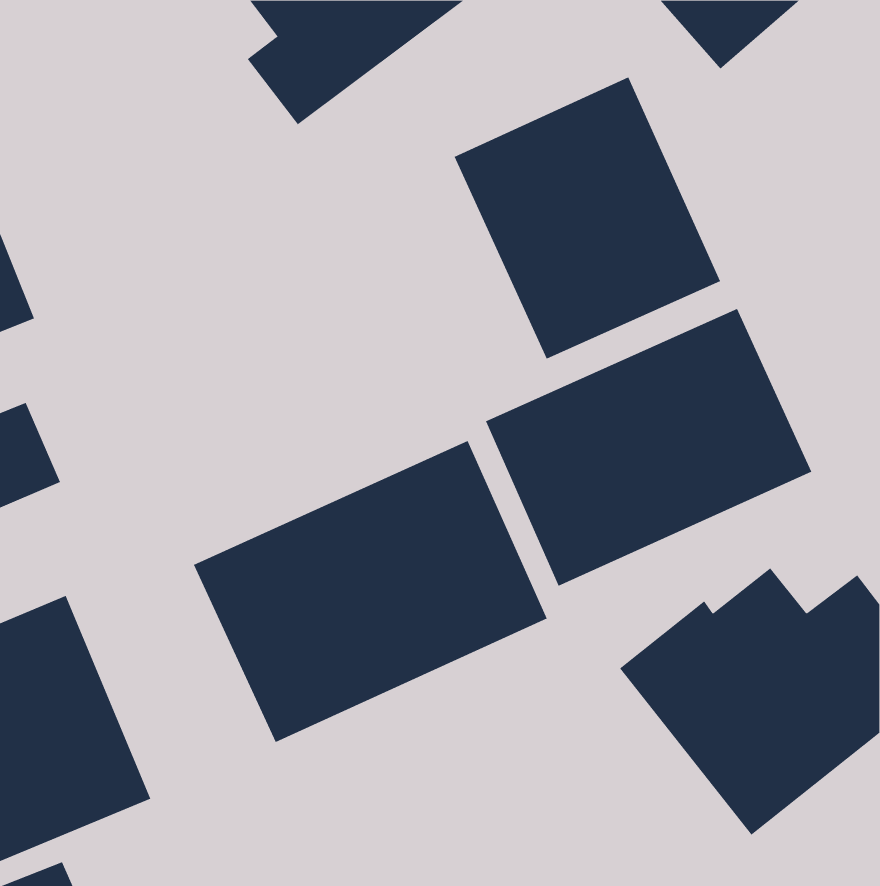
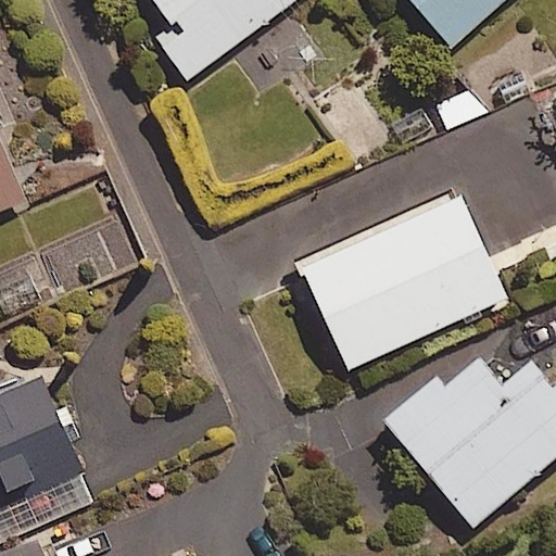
building: [454,76,721,360] -> none
building: [193,440,548,743] -> none

